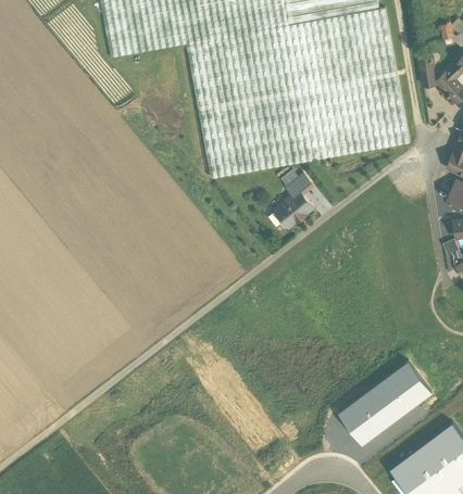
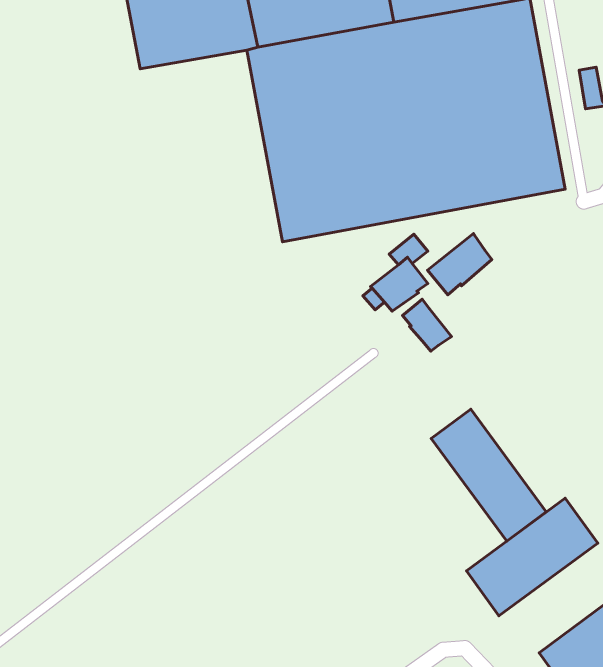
building: none -> [427,233,492,295]
building: none -> [402,299,452,351]
building: none -> [431,409,546,541]

